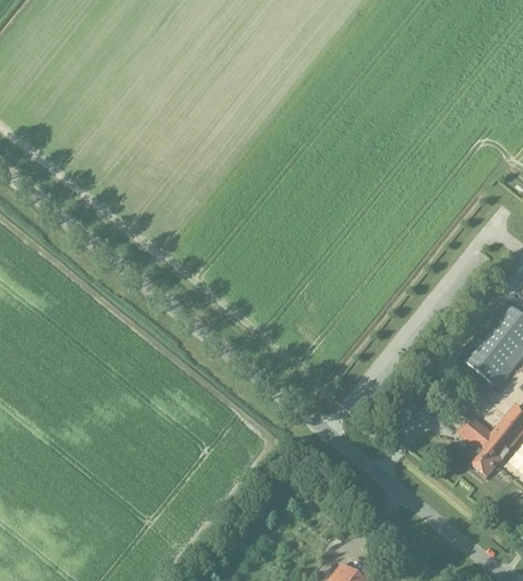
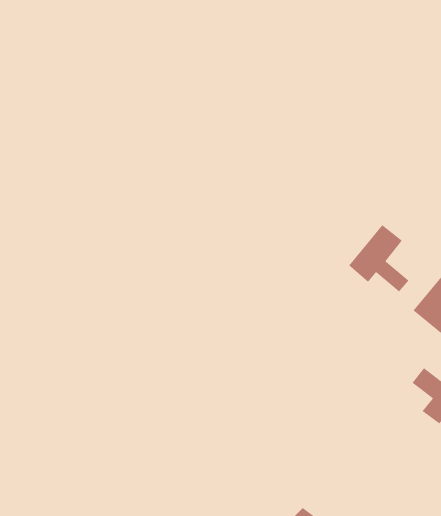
building: none -> [348,224,410,293]

